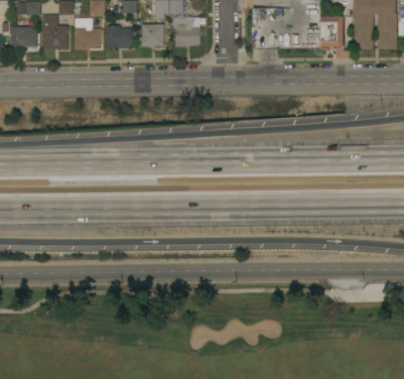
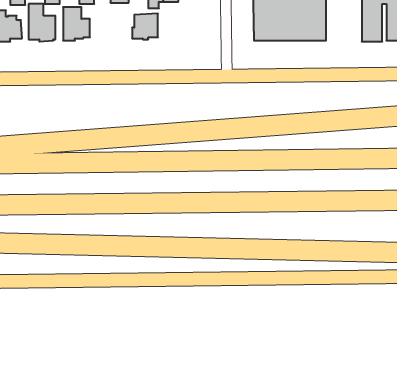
building: [171,16,199,46] -> none
building: [320,16,344,48] -> none
building: [106,24,132,47] -> none

